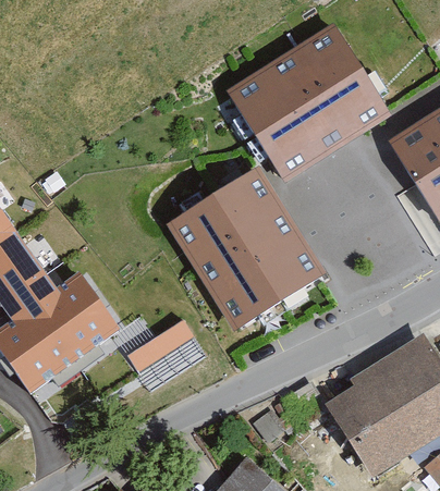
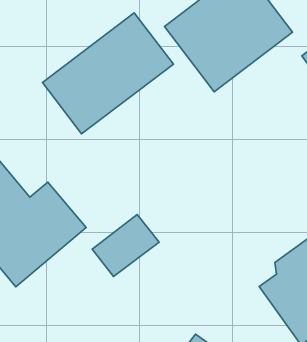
building: none -> [42,13,173,134]
building: [172,172,319,323] -> none

